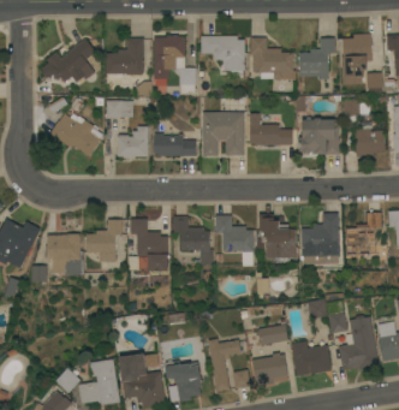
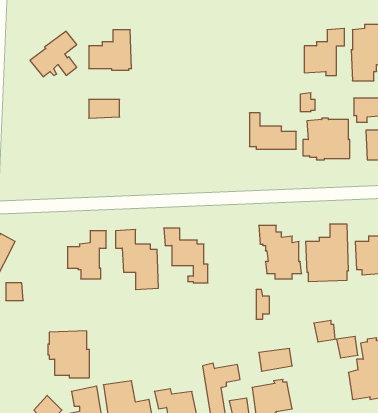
building: [154,35,198,95] -> none
building: [201,36,245,77] -> none
building: [251,37,296,79] -> none
building: [202,112,245,155] -> none
building: [49,113,102,156] -> none
building: [117,126,148,158] -> none
building: [154,133,196,158] -> none
building: [215,215,254,266] -> none
building: [46,233,83,275] -> [48,331,89,378]
building: [291,340,332,376] -> none

